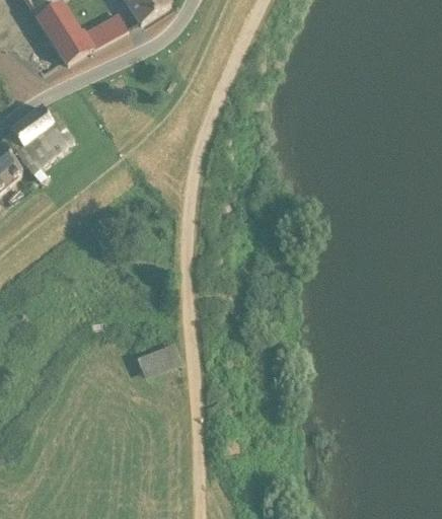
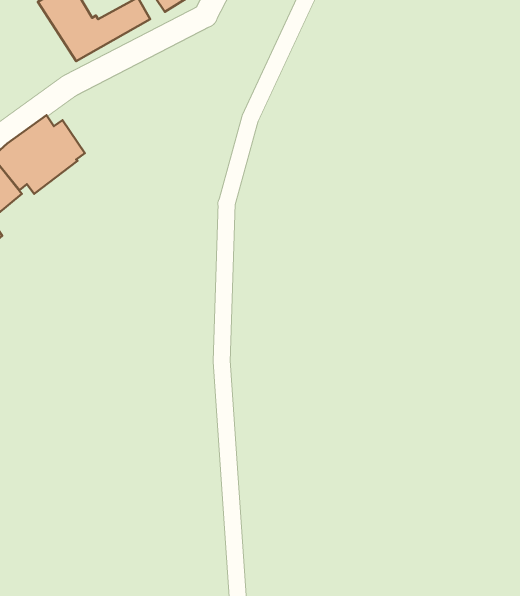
building: [137,344,182,377] -> none

